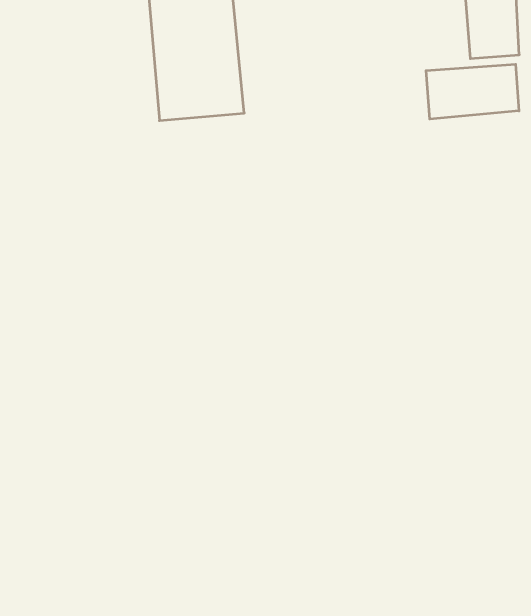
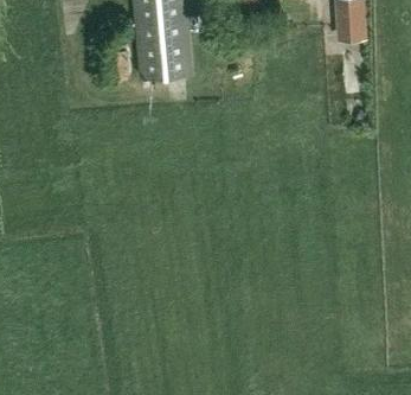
building: [426,64,519,119] -> none

